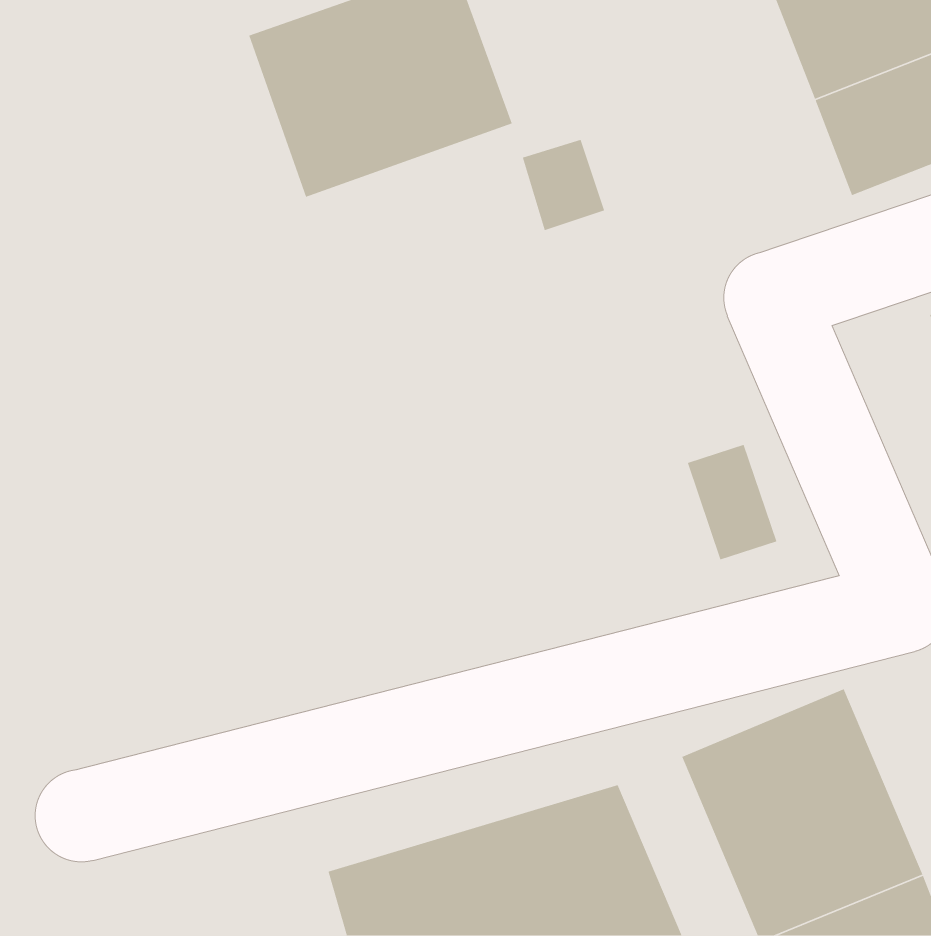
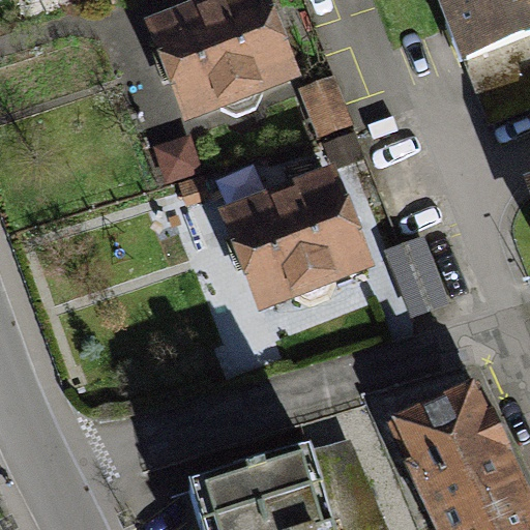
building: none -> [225,164,374,315]

